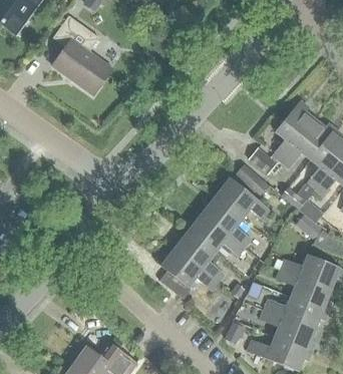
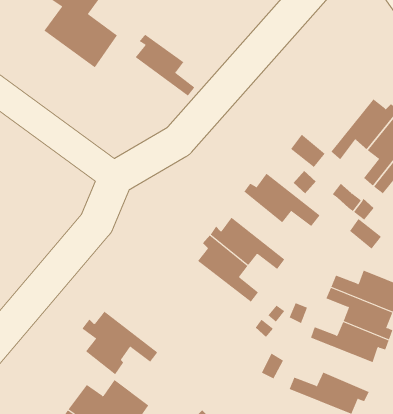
building: none -> [135,34,195,96]
building: [273,100,315,160] -> none
building: [202,193,251,247] -> none
building: [156,248,218,299] -> [81,311,158,375]
building: [261,309,315,352] -> none

